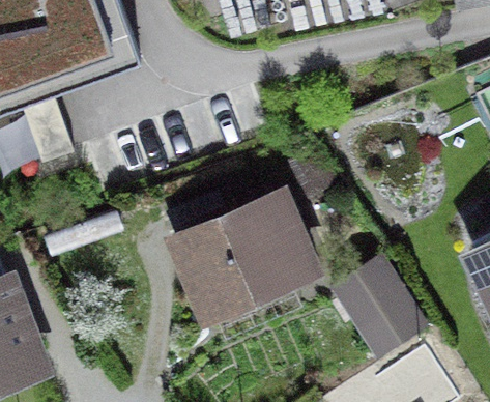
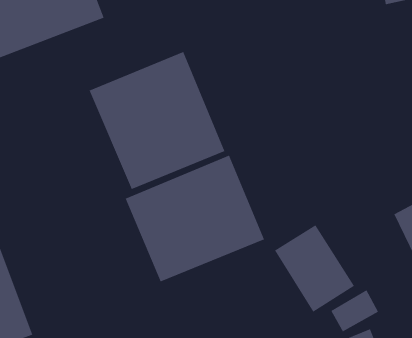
building: none -> [89,51,225,190]

